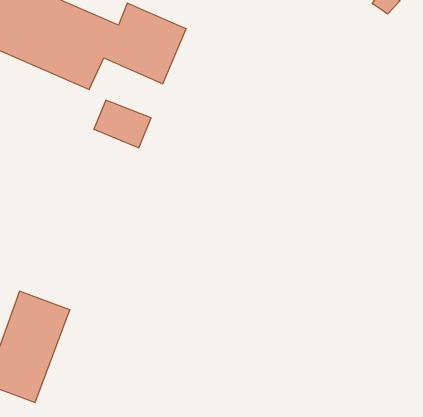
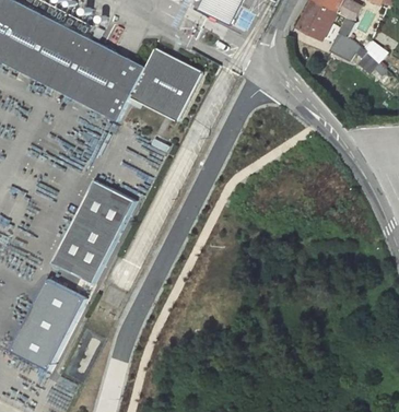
building: none -> [49,181,133,286]

